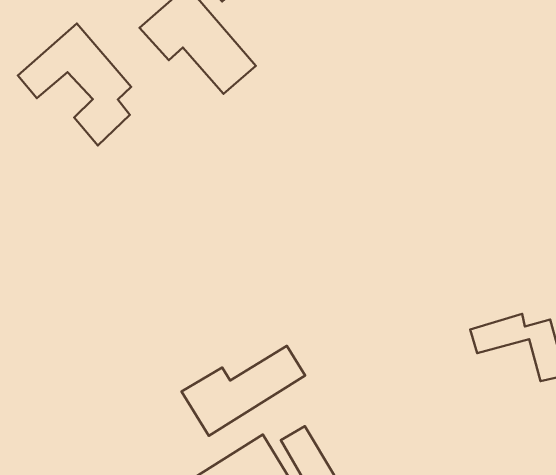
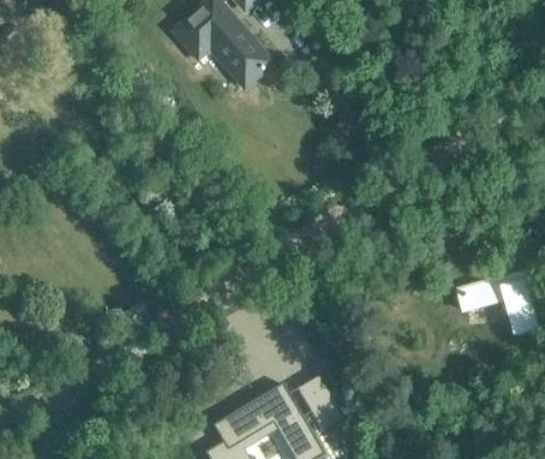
building: [18,24,131,145] -> none
building: [182,346,305,436] -> none

